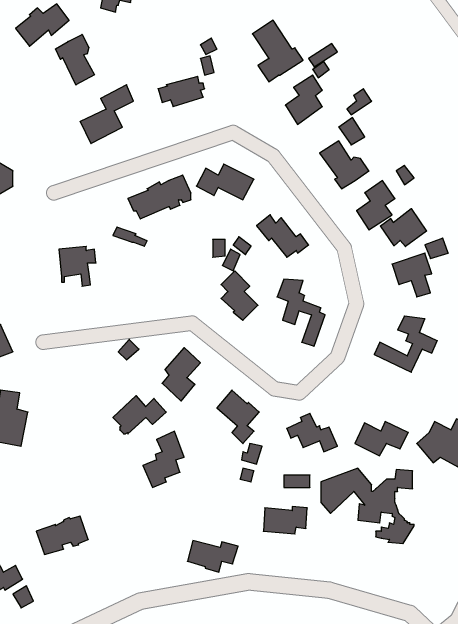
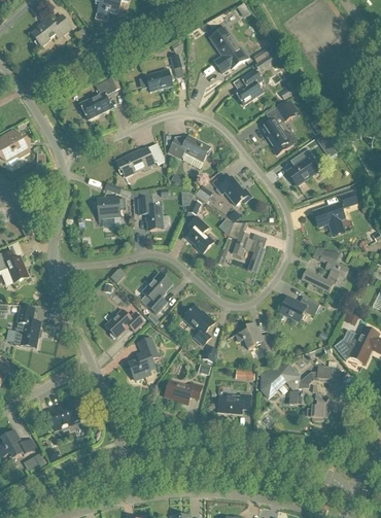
building: [55,34,94,85] -> none
building: [380,209,427,247] -> none
building: none -> [137,197,163,230]
building: [59,246,96,286] -> [97,196,125,226]
building: [355,422,408,456] -> [279,295,319,320]
building: [187,541,238,572] -> [164,380,202,404]

